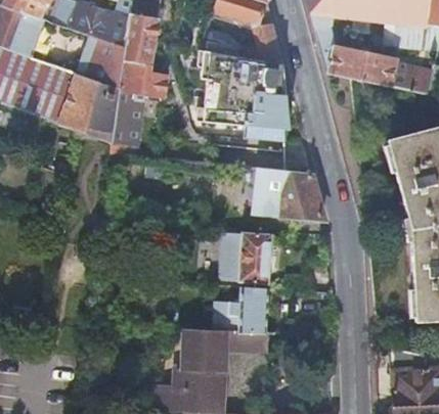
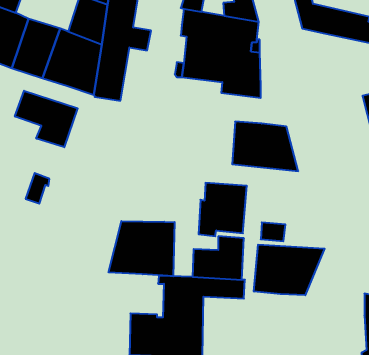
building: none -> [15,91,78,147]
building: none -> [109,221,175,276]
building: none -> [254,245,325,295]

